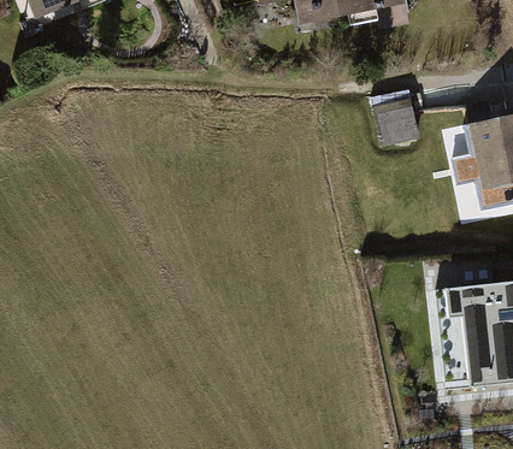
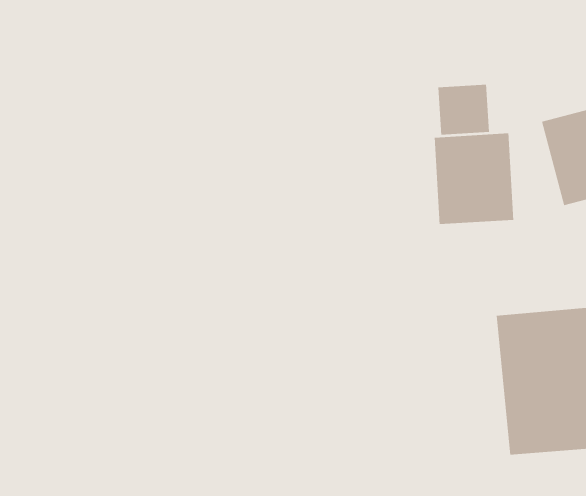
building: none -> [434,133,514,225]

